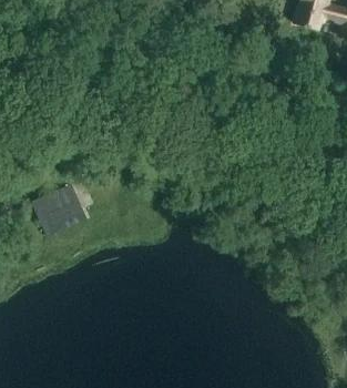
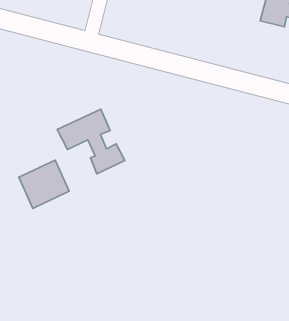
building: none -> [57,109,125,174]

